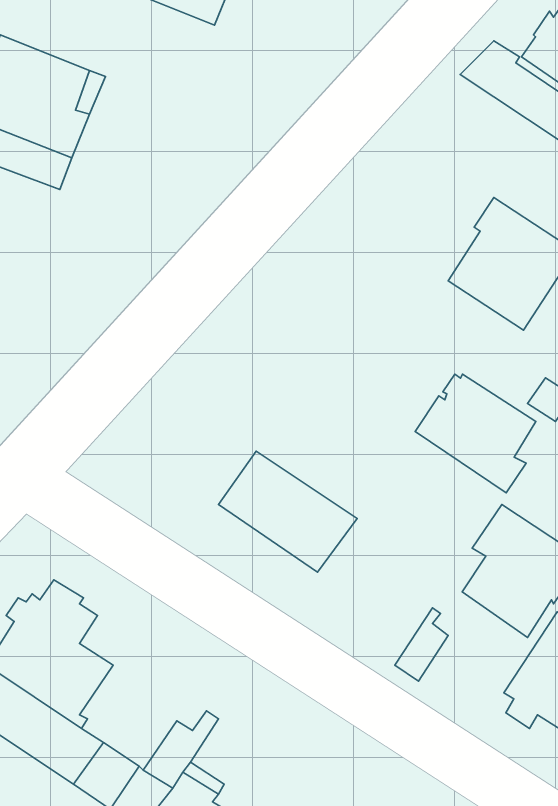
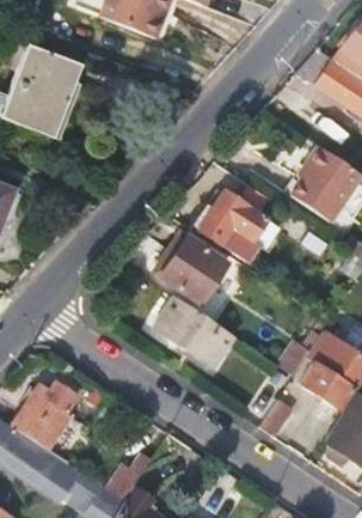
building: none -> [160,236,226,301]
building: [415,374,536,493] -> [195,190,268,262]

